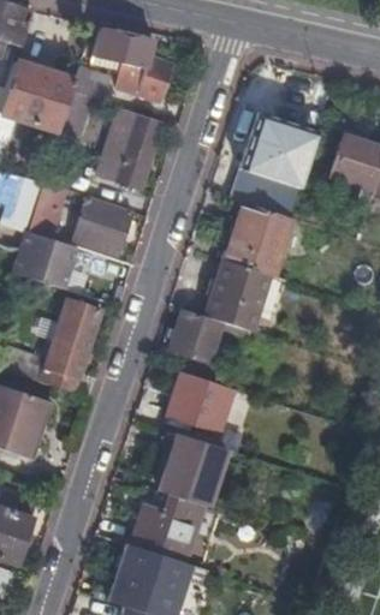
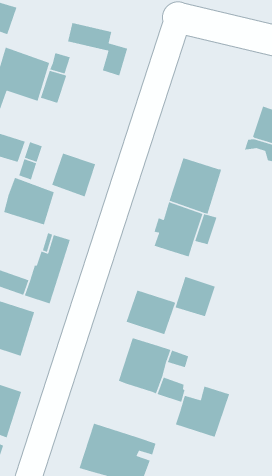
building: [96,108,160,190] -> none
building: [228,114,314,217] -> none
building: [168,310,221,363] -> [174,276,216,317]
building: [130,494,201,561] -> [175,385,230,438]

